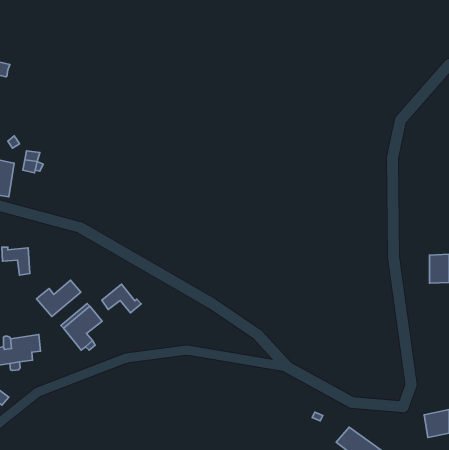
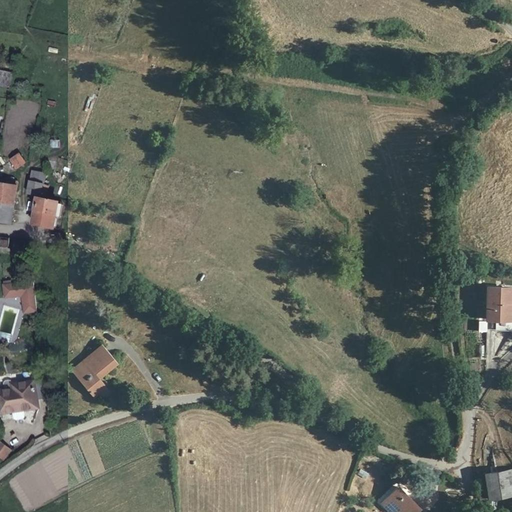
building: none -> [32,199,55,230]
building: [37,280,81,316] -> none
building: [102,284,141,313] -> none

